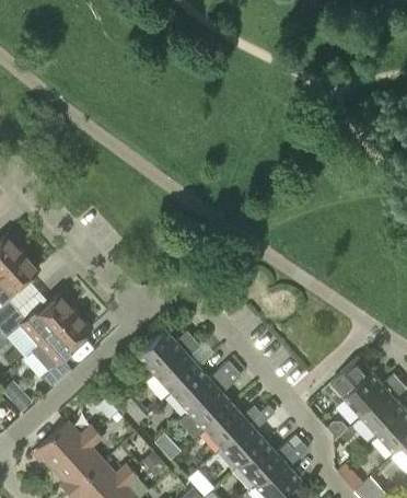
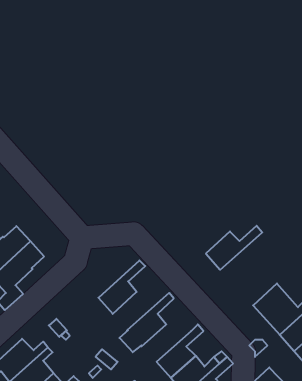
building: [137,325,201,375] -> none
building: [171,362,235,413] -> [206,226,262,270]
building: [204,406,260,449] -> none

